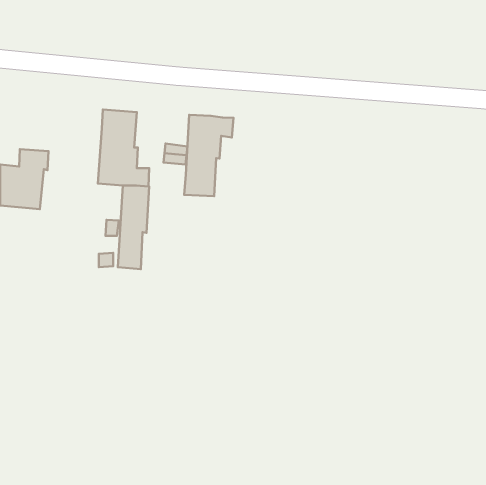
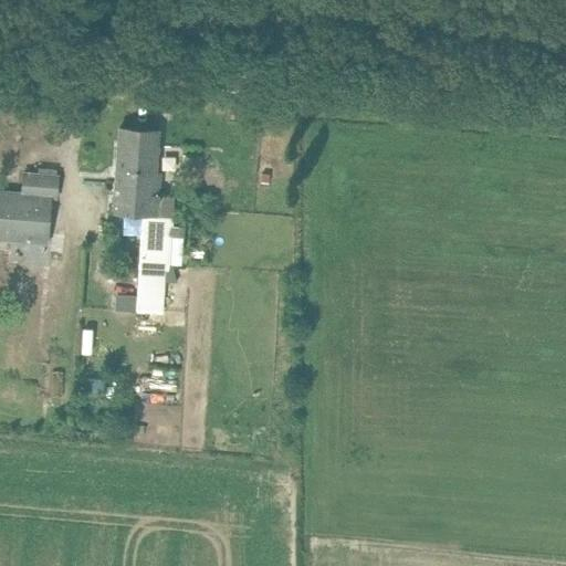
building: [184,115,233,196] -> none

